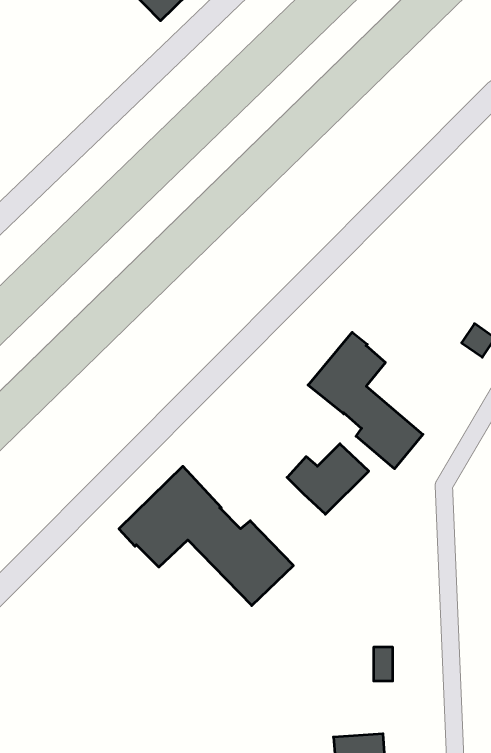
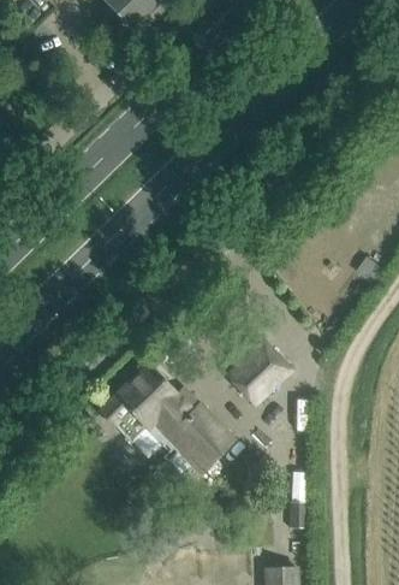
building: [308,332,423,469] -> none

